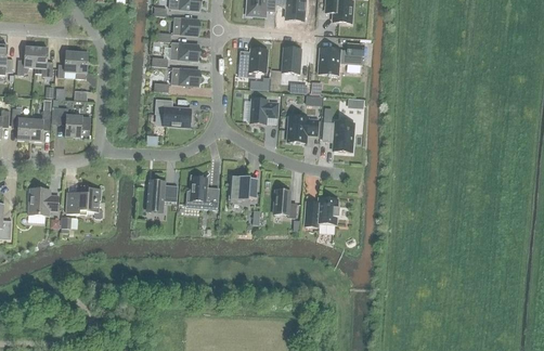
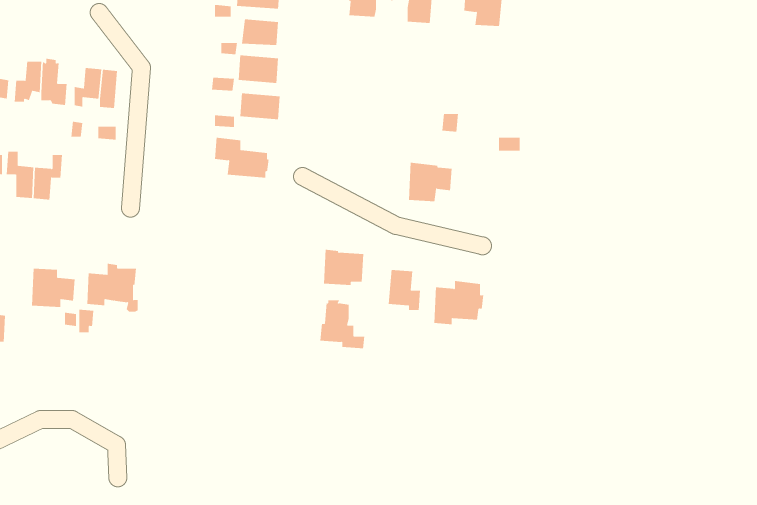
building: [318,42,363,75] -> none
building: [282,47,300,73] -> none
building: [238,48,267,76] -> none
building: [249,97,277,123] -> none
building: [51,106,90,136] -> none
building: [322,120,353,151] -> none
building: [186,174,218,208] -> [320,300,365,349]
building: [145,179,178,212] -> none

